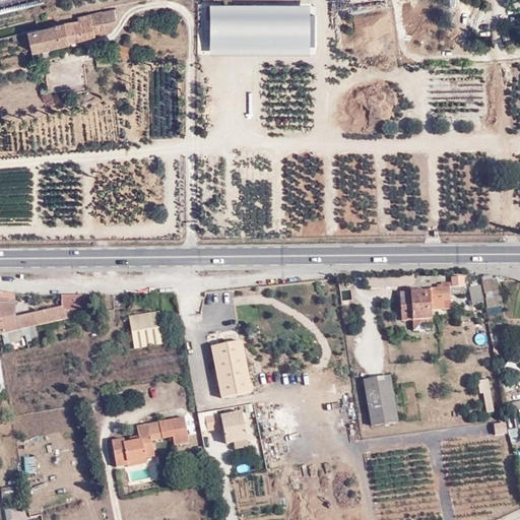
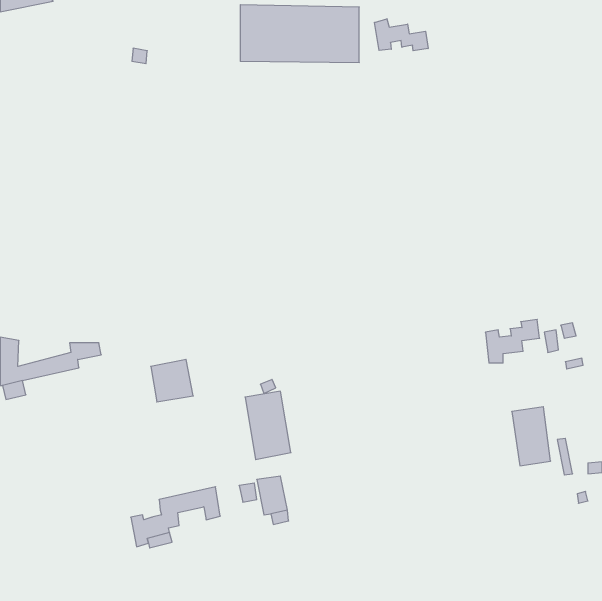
building: [27,9,113,54] -> none
building: none -> [374,19,428,51]
building: [399,286,435,319] -> none
building: [364,374,397,425] -> [512,407,551,466]

